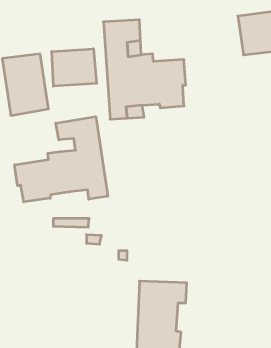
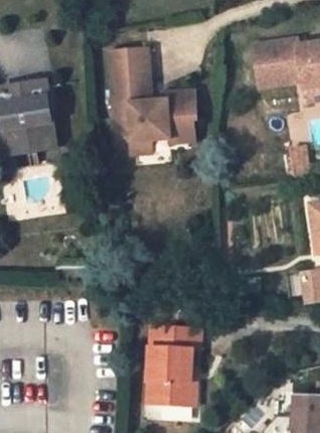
building: [52,49,97,86] -> none
building: [15,117,108,202] -> none

